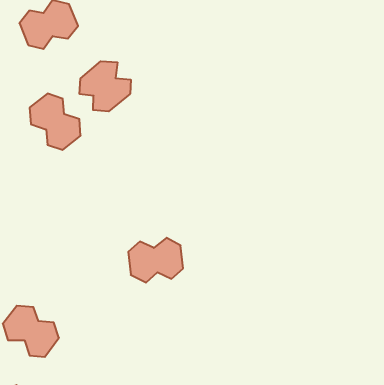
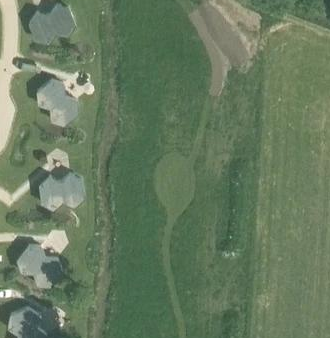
building: [80,61,131,111] -> none
building: [128,238,183,283] -> [39,173,82,208]

